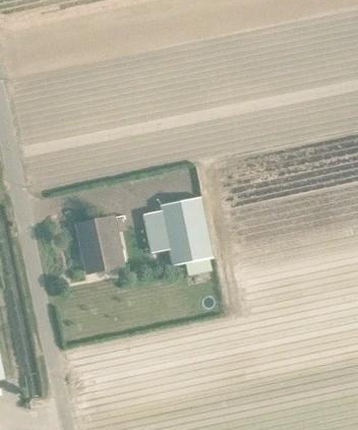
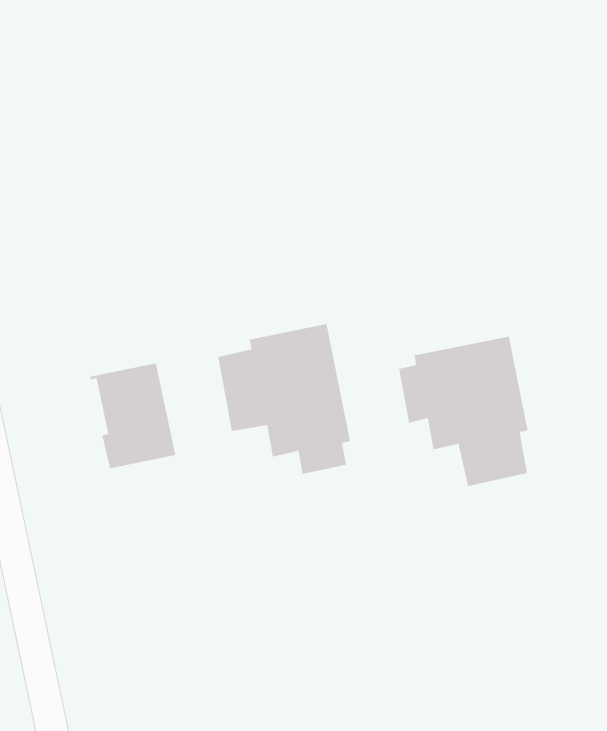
building: none -> [398,336,528,487]

